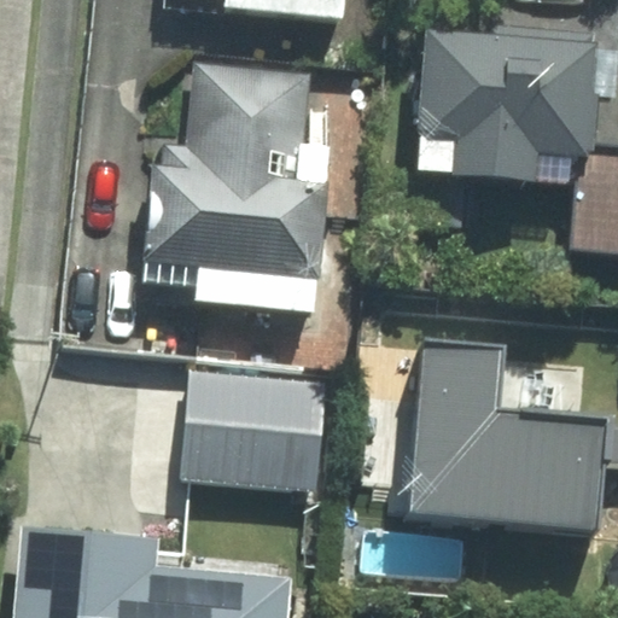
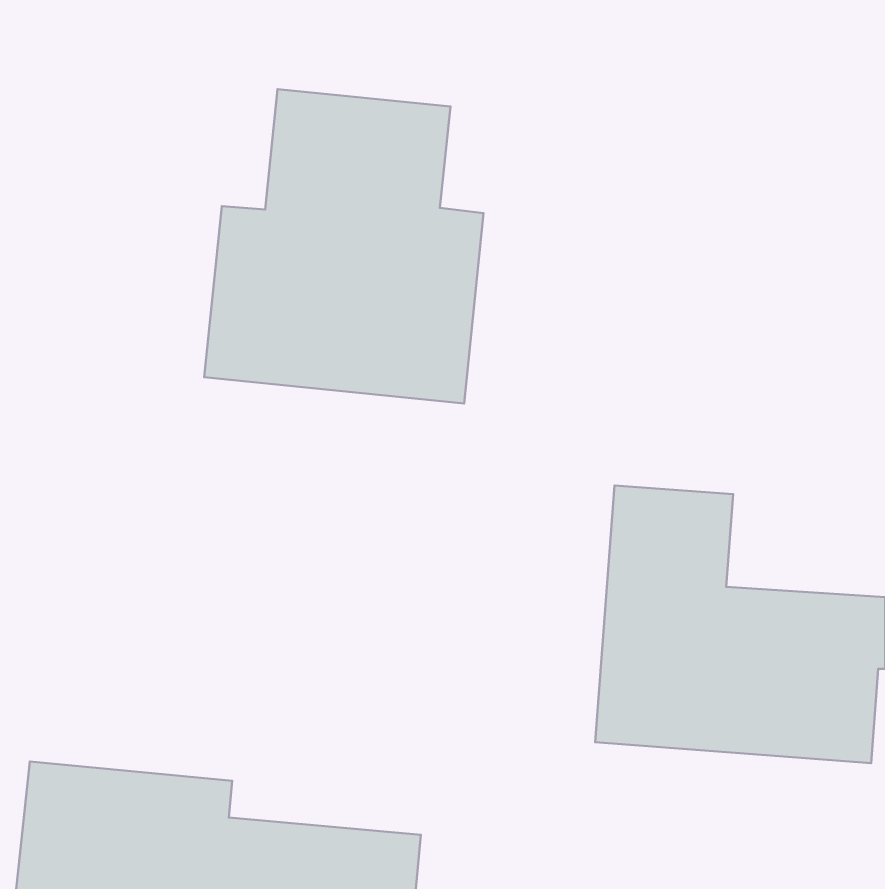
building: [408,30,599,232] -> none
building: [177,374,326,494] -> none

